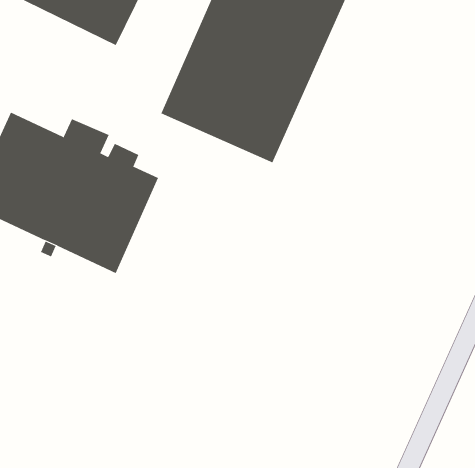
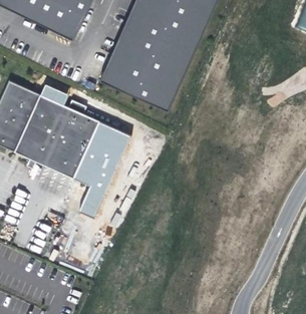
building: none -> [72,120,130,219]

